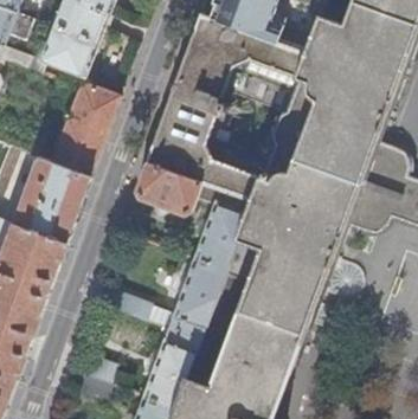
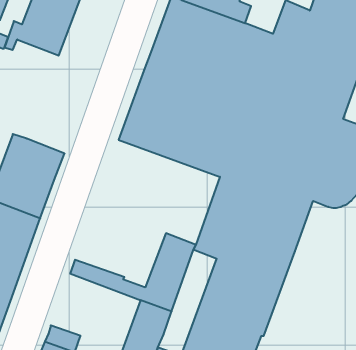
building: [52,82,121,176] -> none
building: [136,162,251,270] -> none

